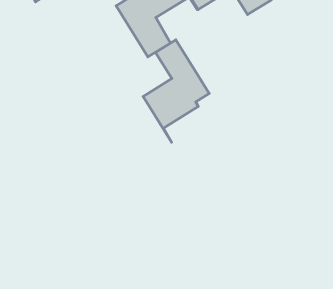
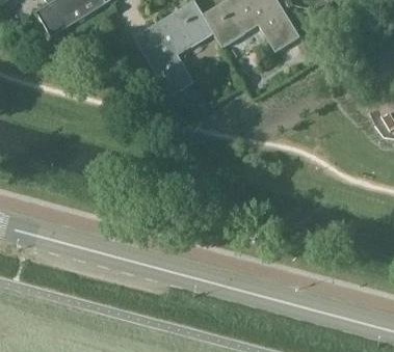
building: [143,40,209,142] -> none

